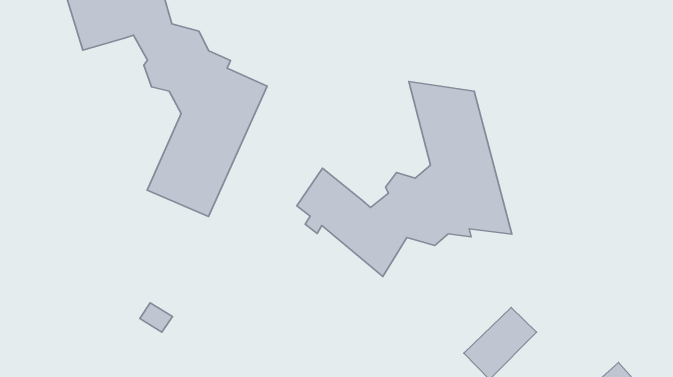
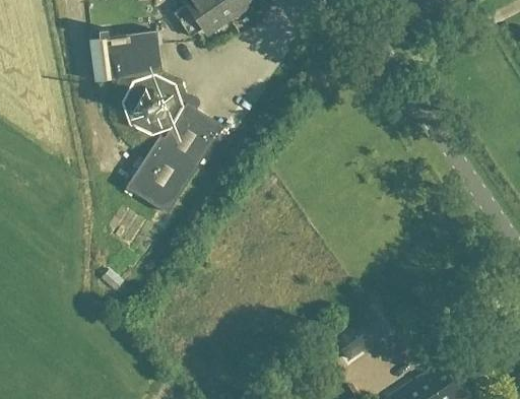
building: [297,81,512,277] -> none

